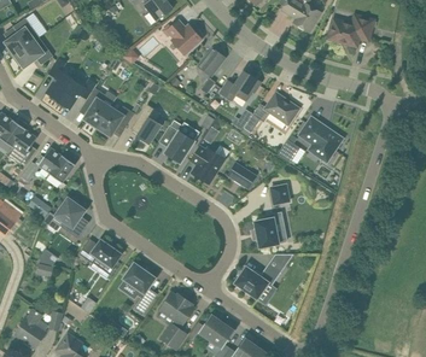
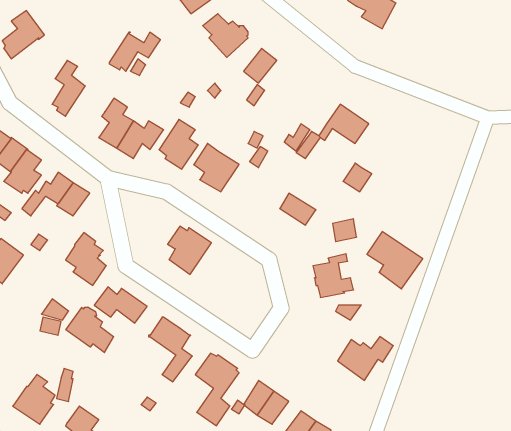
building: [327,14,373,47] -> none
building: [12,40,52,68] -> none
building: [218,71,261,101] -> none
building: [56,78,97,110] -> [109,32,160,71]
building: [298,117,343,163] -> [367,232,423,289]
building: [189,146,224,185] -> [168,226,211,274]
building: none -> [66,307,114,353]
building: [234,264,279,299] -> [338,337,393,380]

